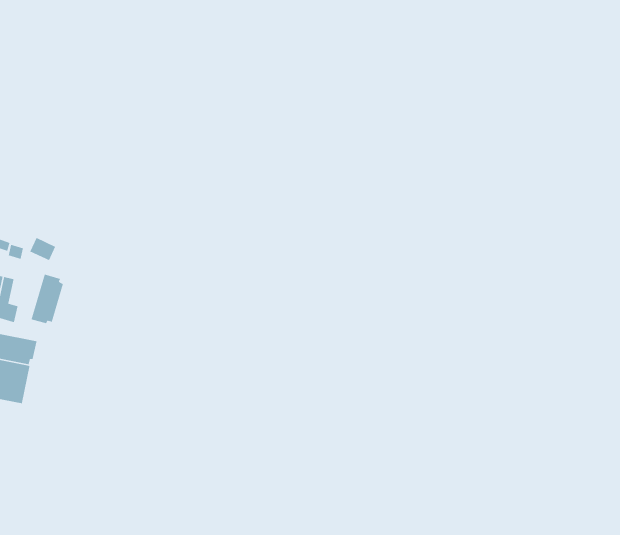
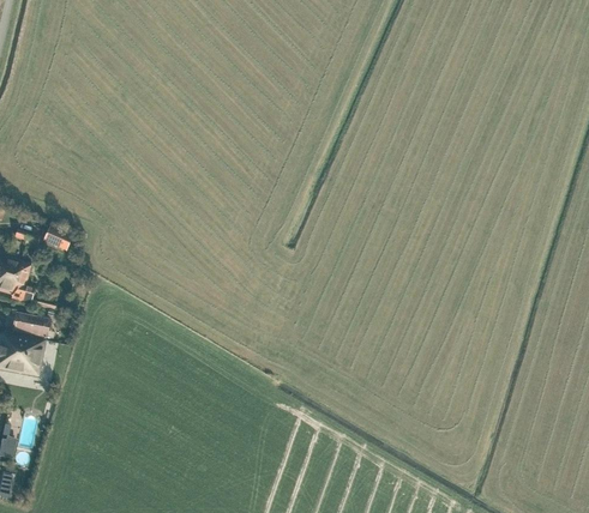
building: [31,274,64,324] -> none

